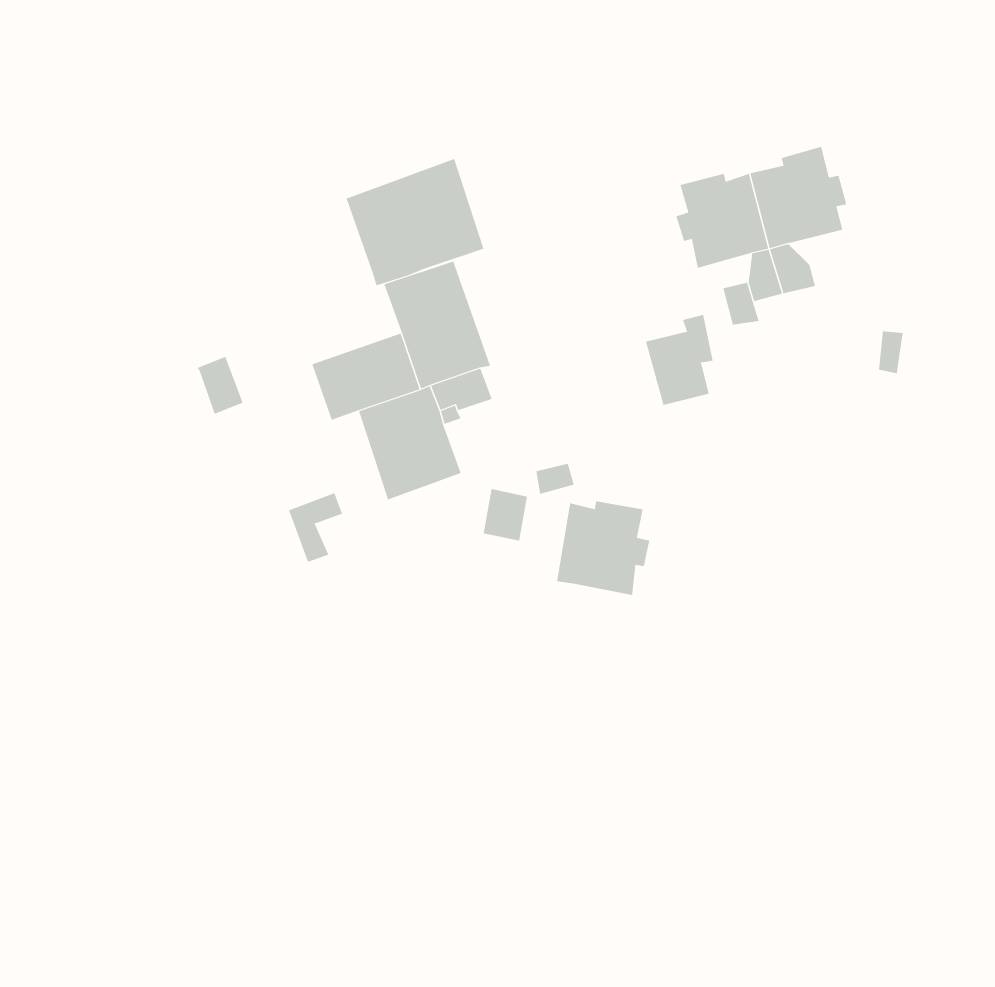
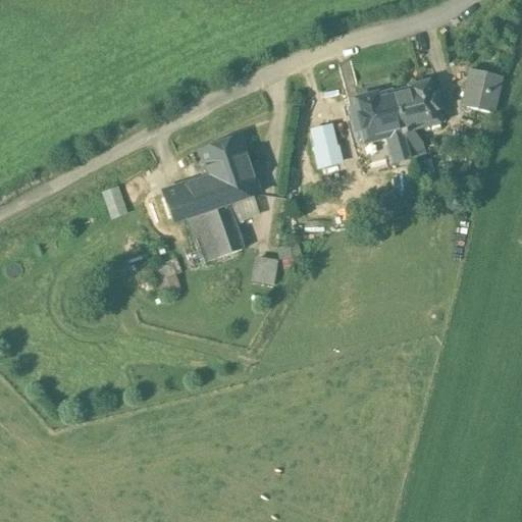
building: none -> [466,68,501,111]
building: [346,158,484,286] -> none
building: [645,314,713,406] -> [312,115,348,163]
building: [556,500,650,596] -> none

